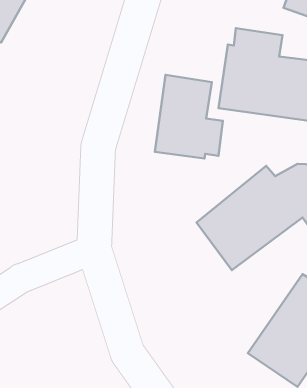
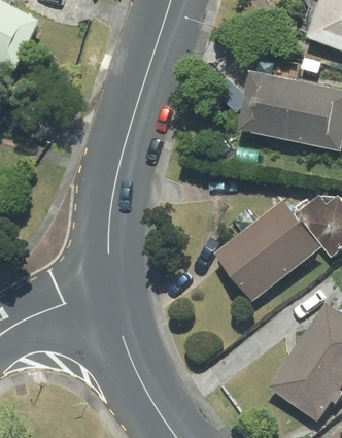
building: [155,75,223,158] -> none

